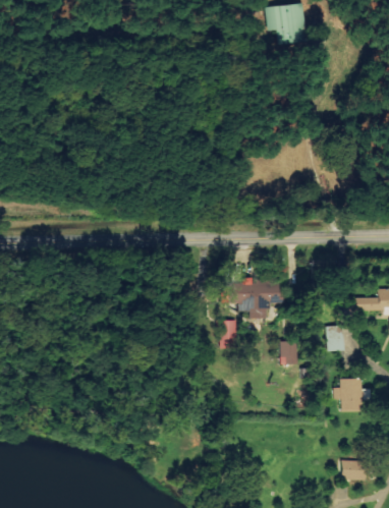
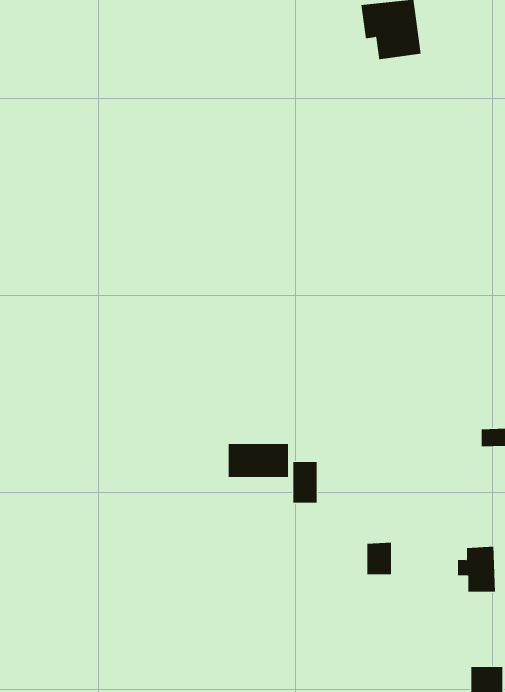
building: [238,282,280,305] -> [228,443,289,478]
building: [327,326,343,351] -> none
building: [280,342,297,364] -> [367,542,392,575]

